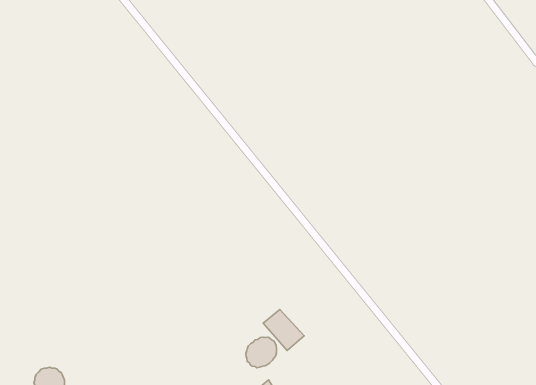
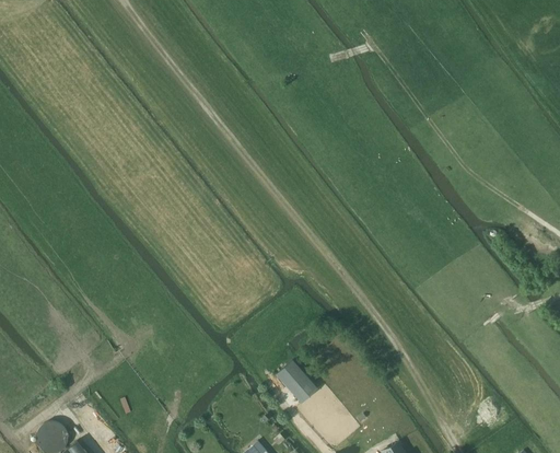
building: [246,337,277,368] -> none

